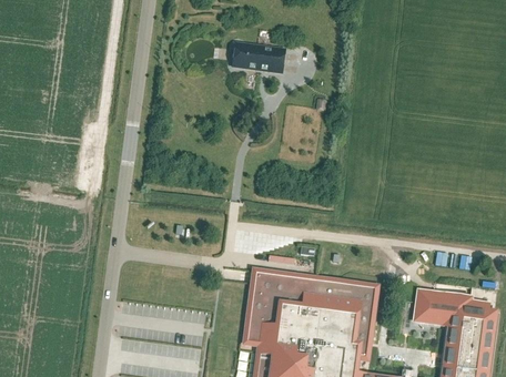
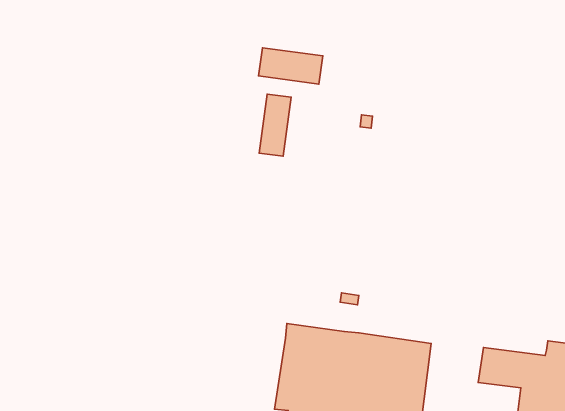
building: none -> [259,94,291,156]

